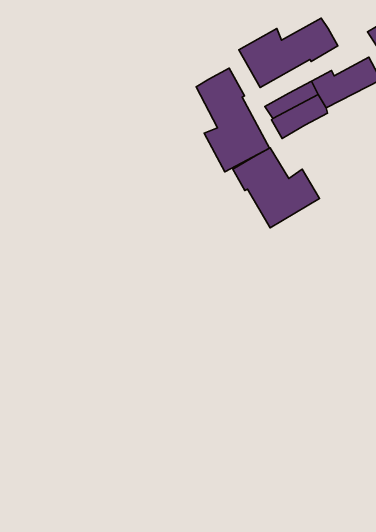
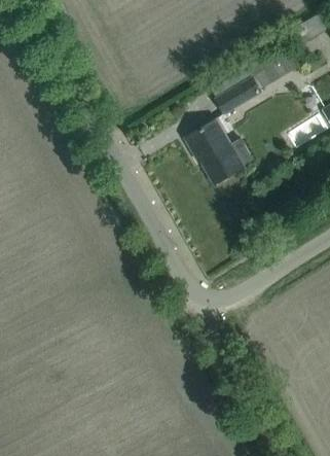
building: [239,18,338,88] -> none
building: [196,68,270,172] -> none

